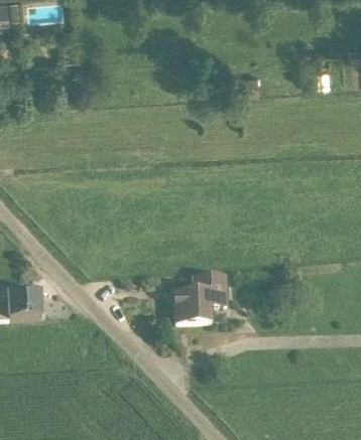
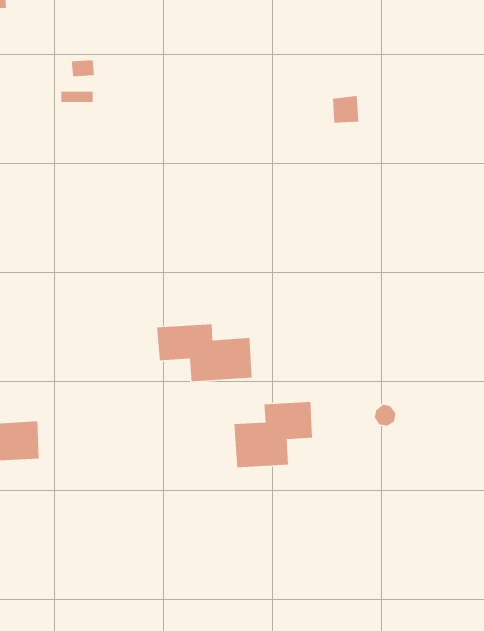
building: none -> [156,323,252,382]

